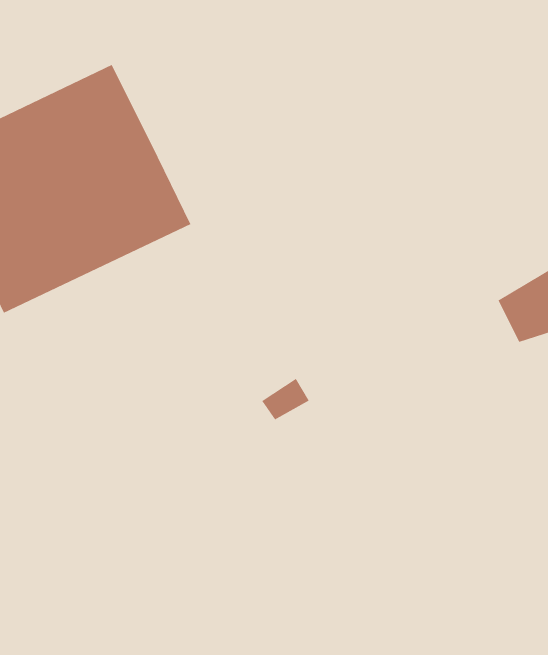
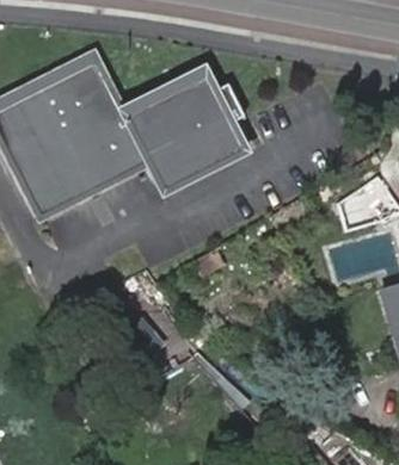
building: none -> [129,74,244,185]

